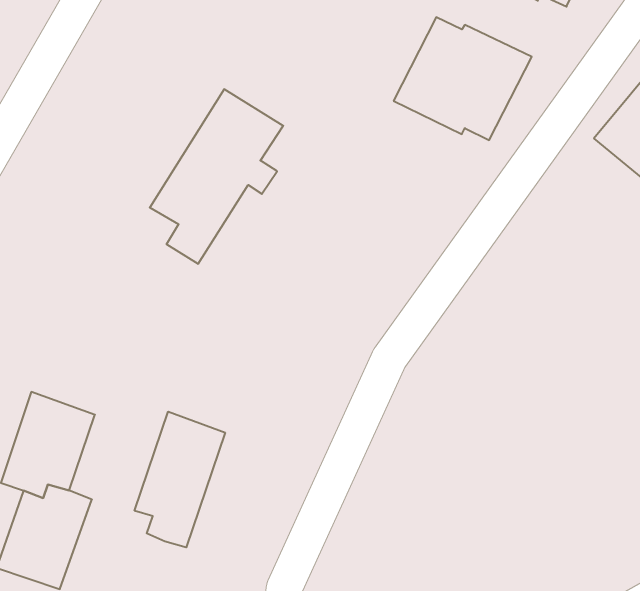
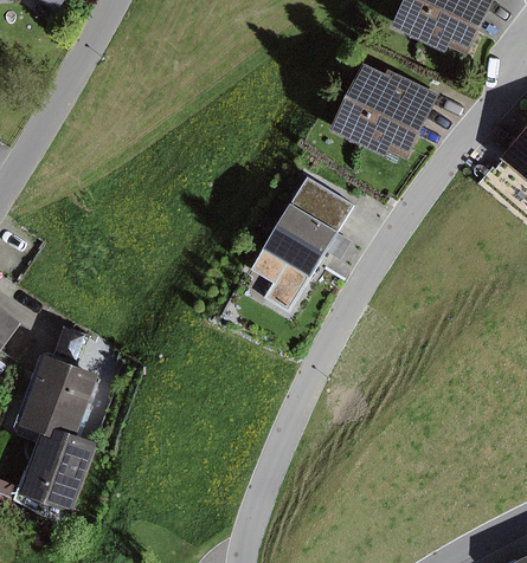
building: [150,89,283,264] -> [250,177,354,313]
building: [135,412,225,547] -> none

